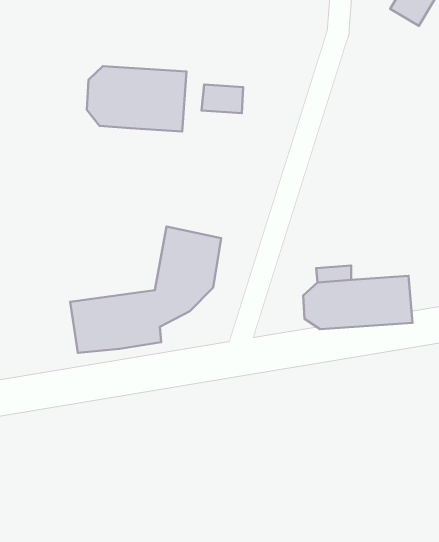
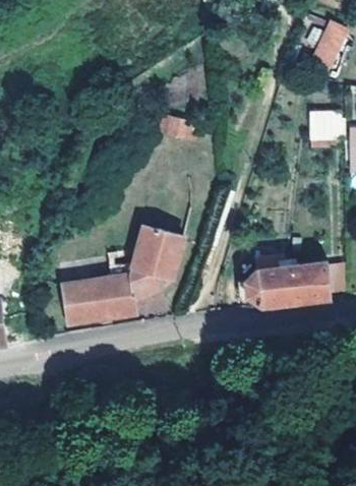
building: [87,66,187,131] -> none
building: none -> [309,116,342,143]

